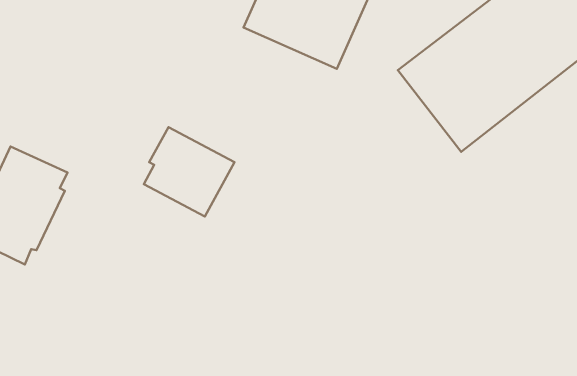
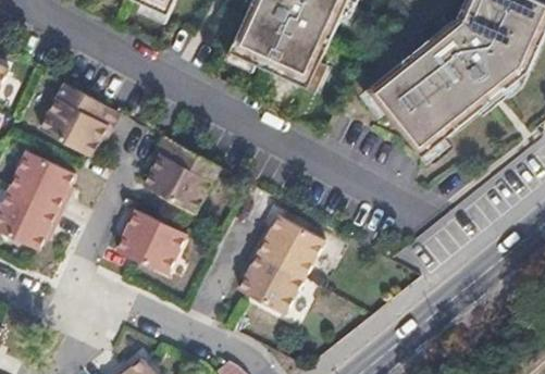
building: none -> [41,84,122,157]
building: none -> [116,207,186,272]
building: none -> [240,213,326,312]

